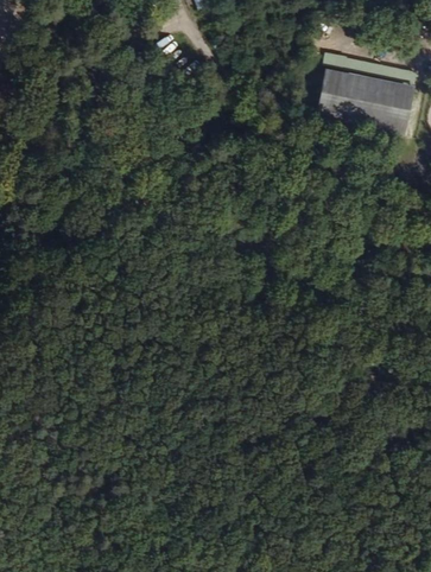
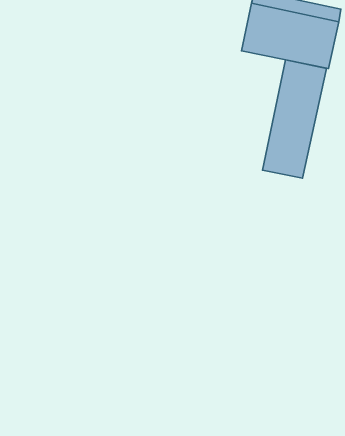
building: none -> [262,60,326,178]

